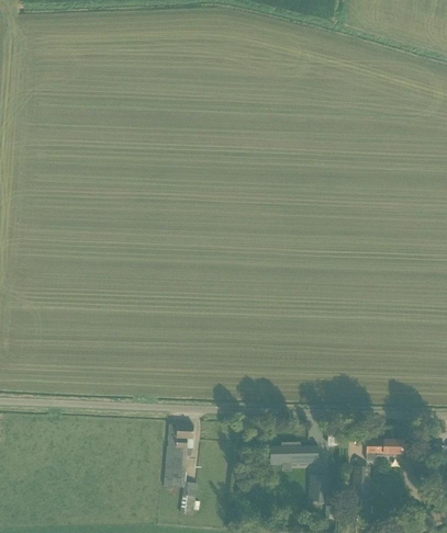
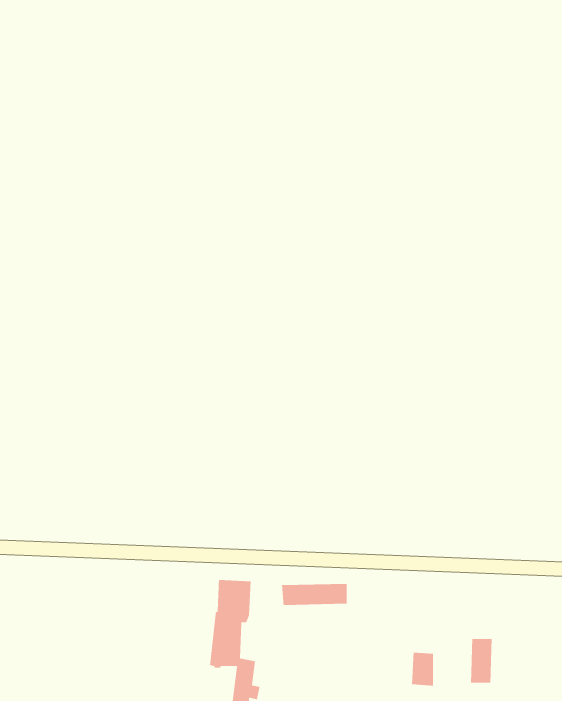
building: [365,440,403,461] -> none
building: [268,445,316,462] -> [281,583,348,606]

